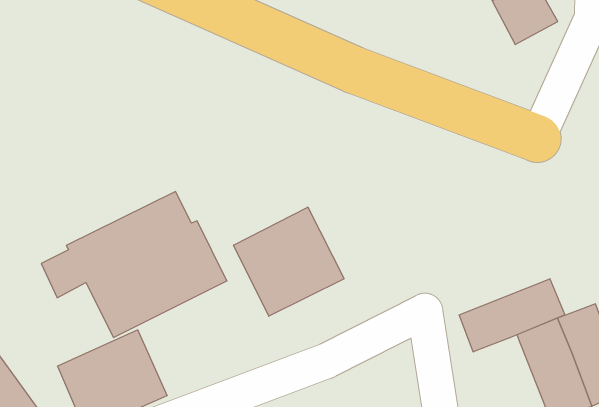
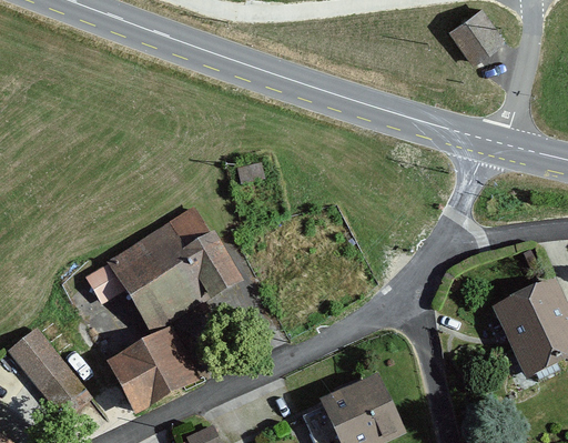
building: [234,207,344,316] -> none
building: [459,279,565,352] -> none

